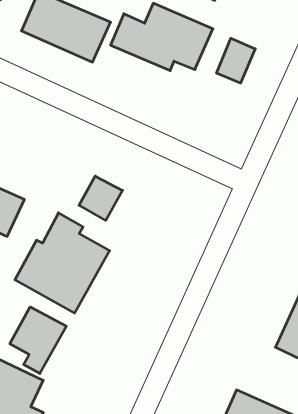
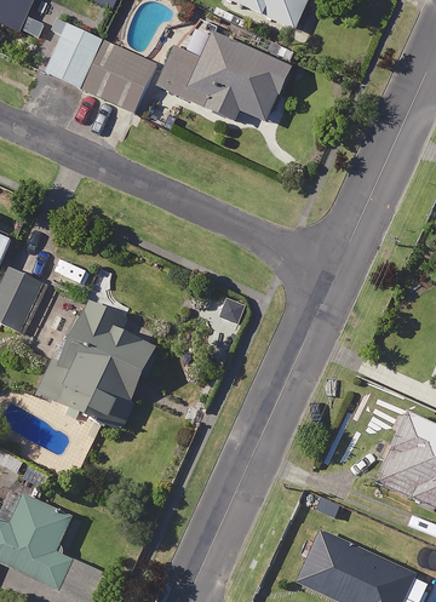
building: [217,38,255,83] -> none
building: [79,176,123,220] -> none
building: [10,307,66,374] -> none

